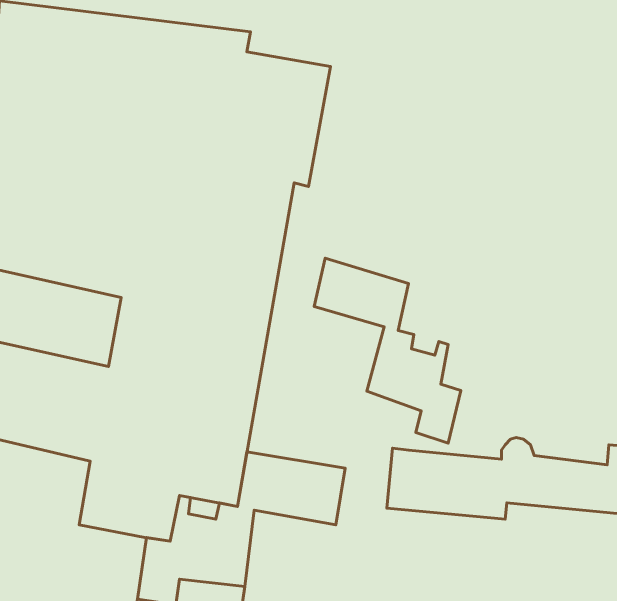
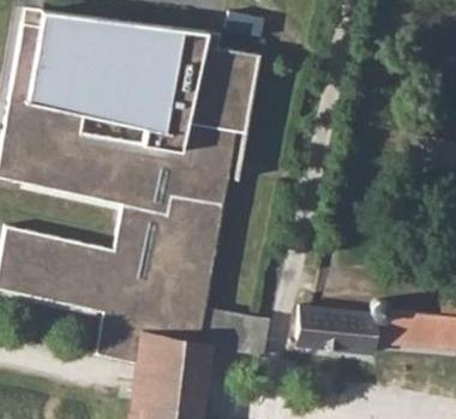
building: [314,258,461,443] -> none

